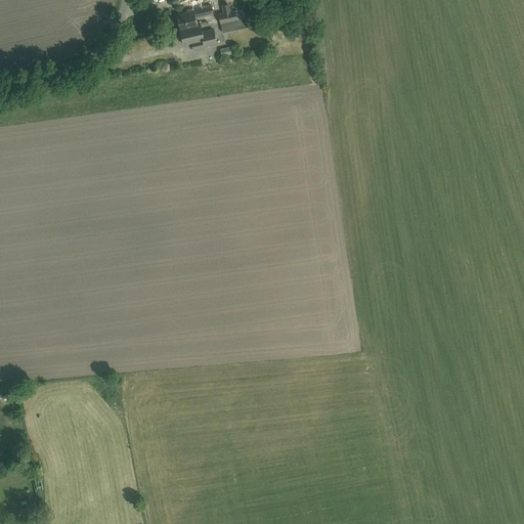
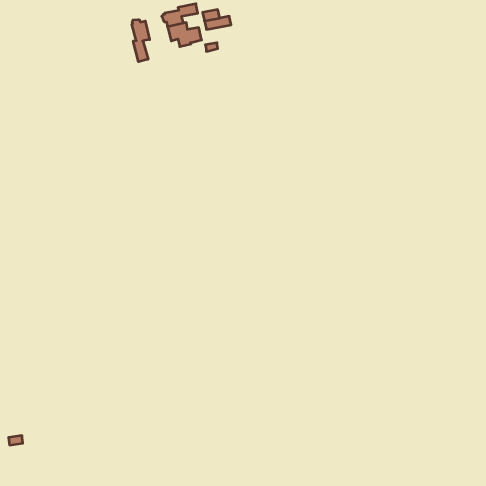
building: none -> [132,20,150,62]

